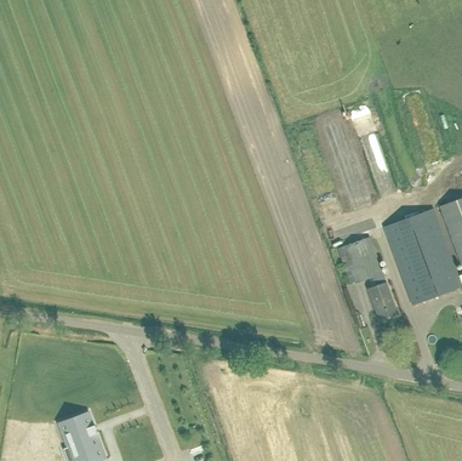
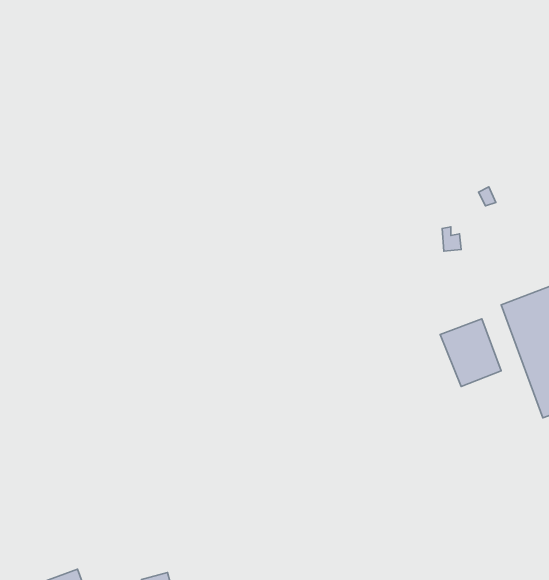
building: [367,281,398,320] -> none

